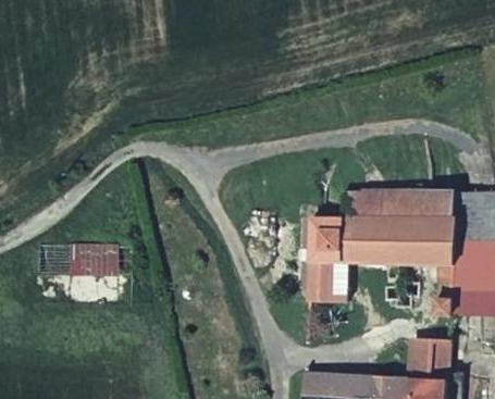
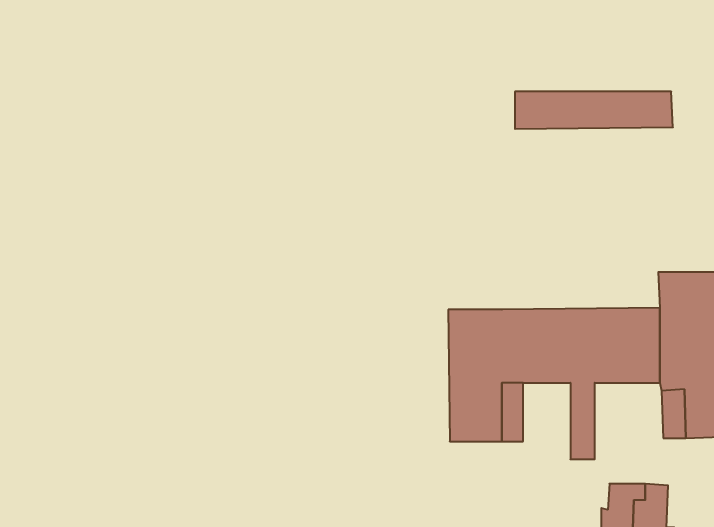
building: [343,191,448,216] -> [515,92,673,129]
building: [64,247,128,275] -> none

